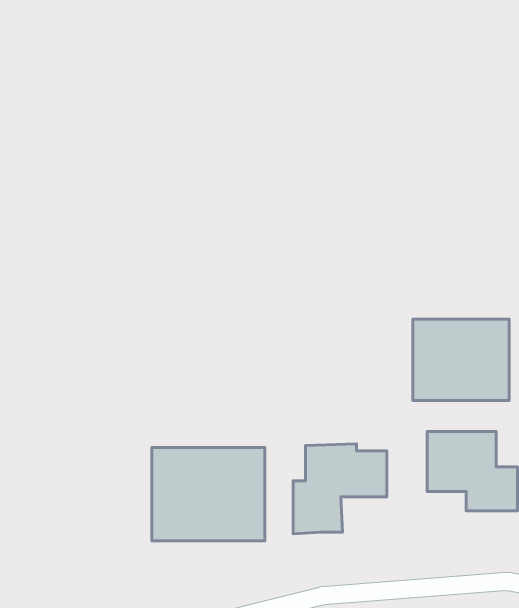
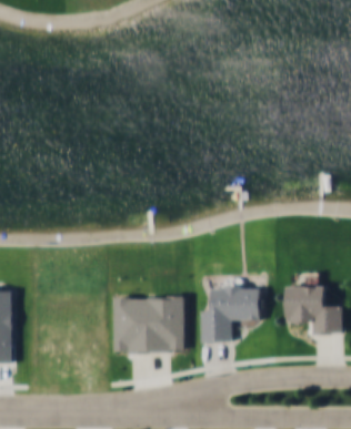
building: [413,319,509,400] -> none

